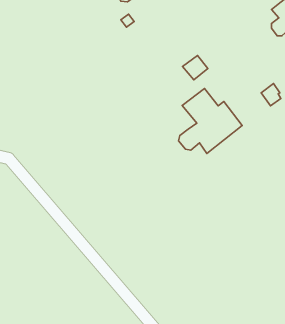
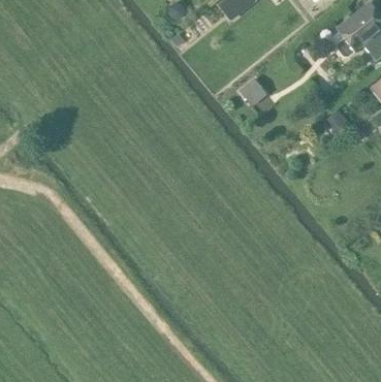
building: [179,88,242,153] -> none

